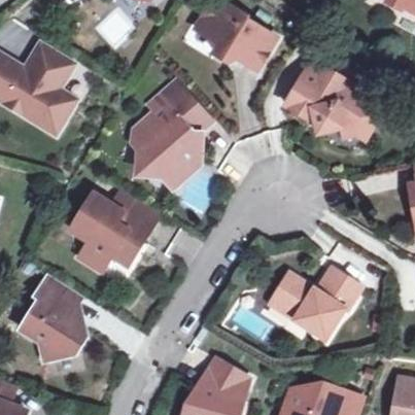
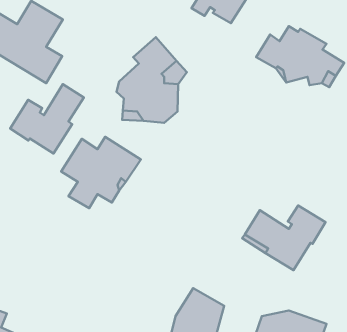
building: none -> [10,84,84,153]
building: [20,275,82,361] -> none

